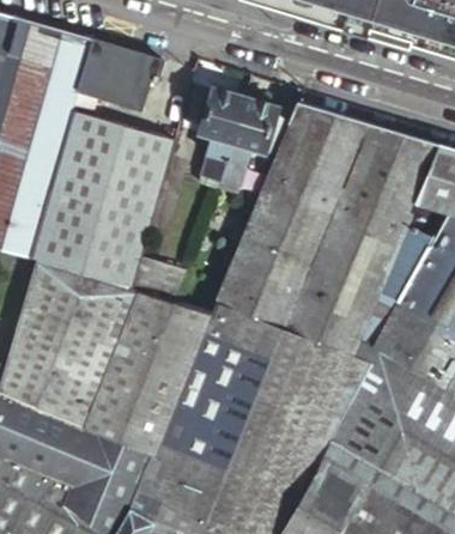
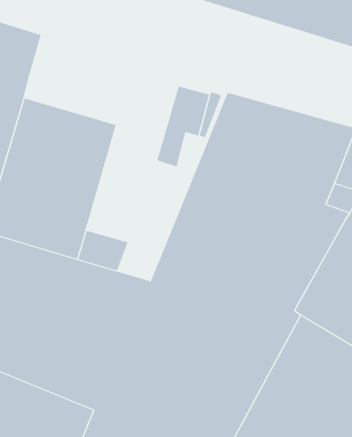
building: [78,40,163,108] -> none
building: [198,86,243,187] -> none

